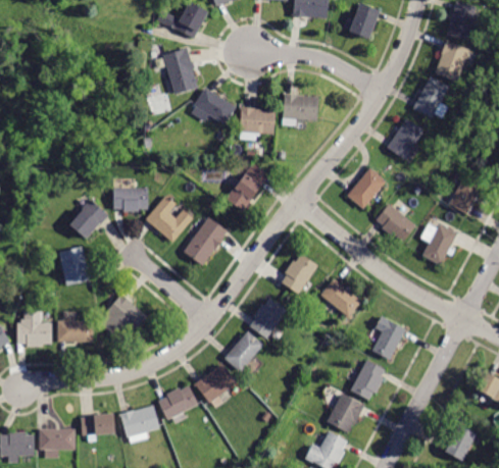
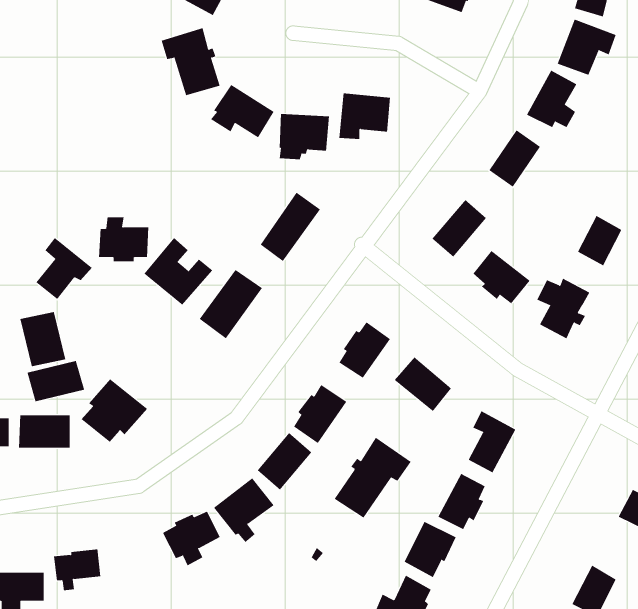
building: none -> [27,360,85,402]
building: none -> [334,437,411,519]
building: [120,405,160,444] -> none

